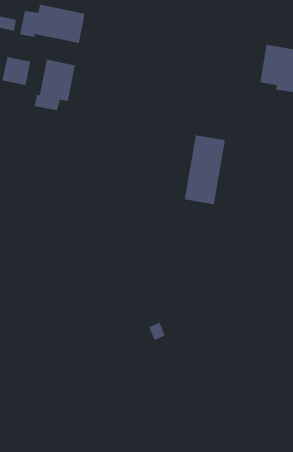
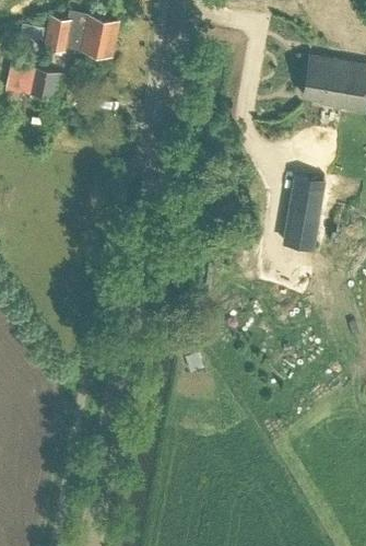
building: [34,59,76,111] -> none
building: [184,134,226,205] -> [282,175,327,251]

